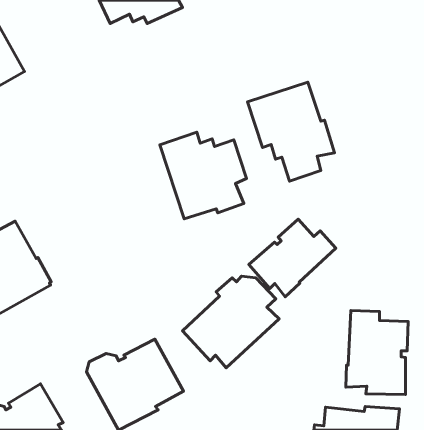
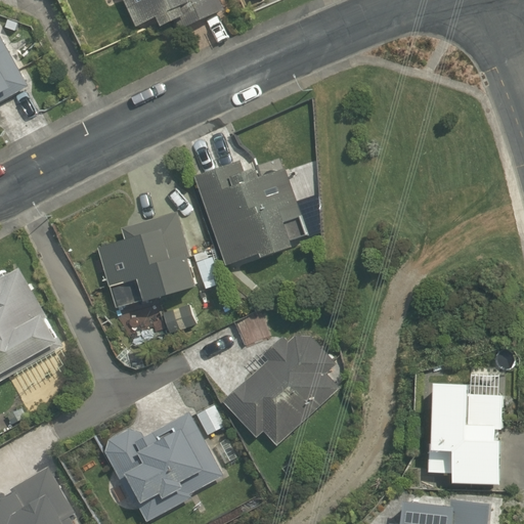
building: [248,82,335,181] -> none
building: none -> [97,212,202,308]
building: [249,219,336,297] -> none

